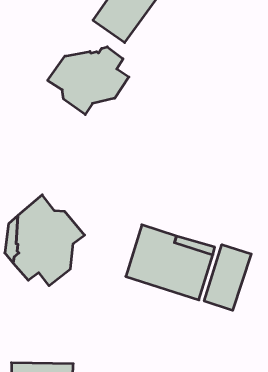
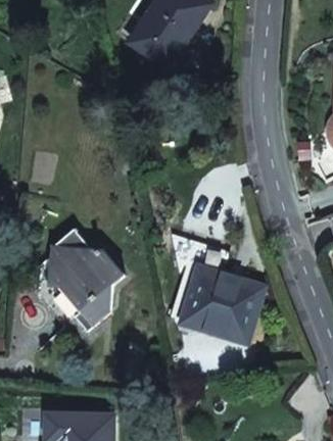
building: [48,47,129,115] -> none
building: [204,245,251,310] -> none

